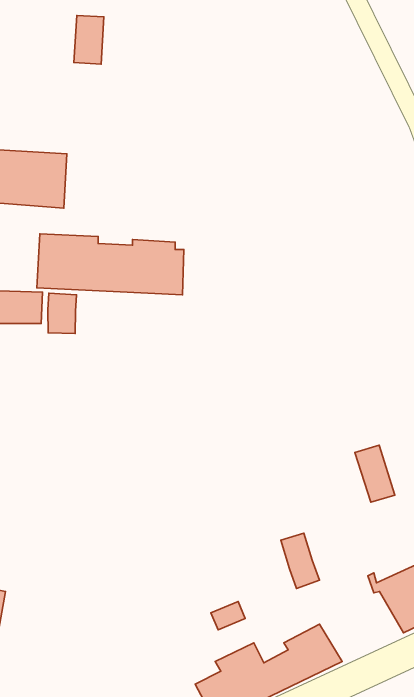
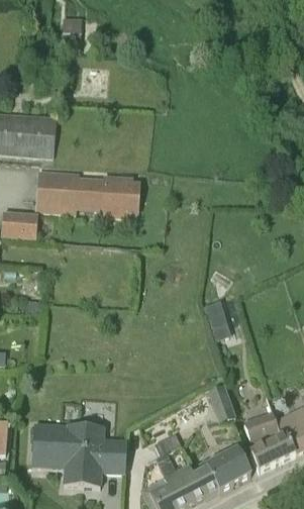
building: [48,293,76,333] -> none
building: [355,445,395,502] -> [204,301,232,341]
building: none -> [243,414,294,471]
building: none -> [31,422,127,487]

